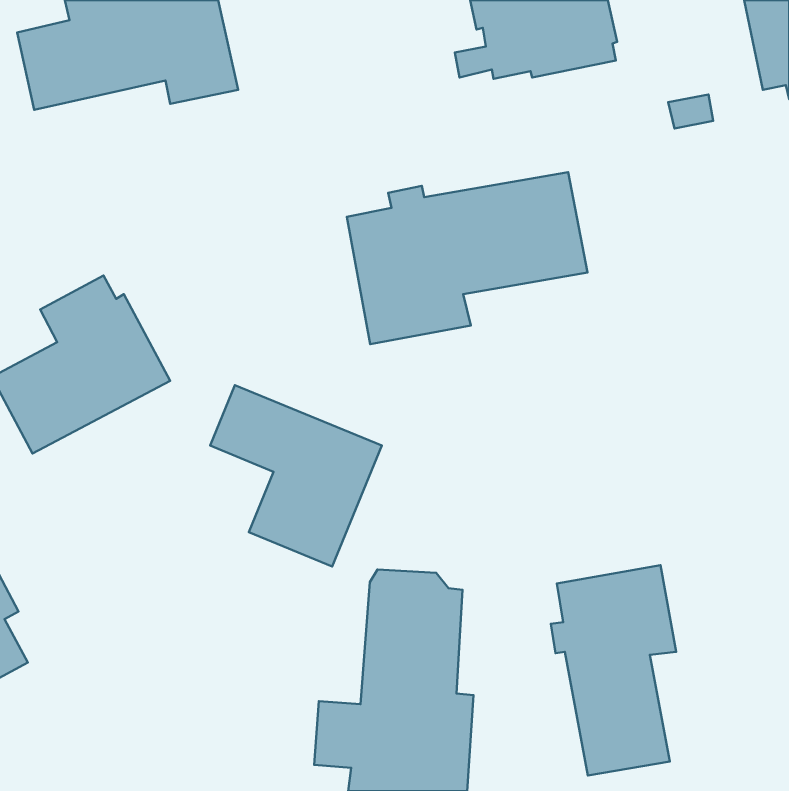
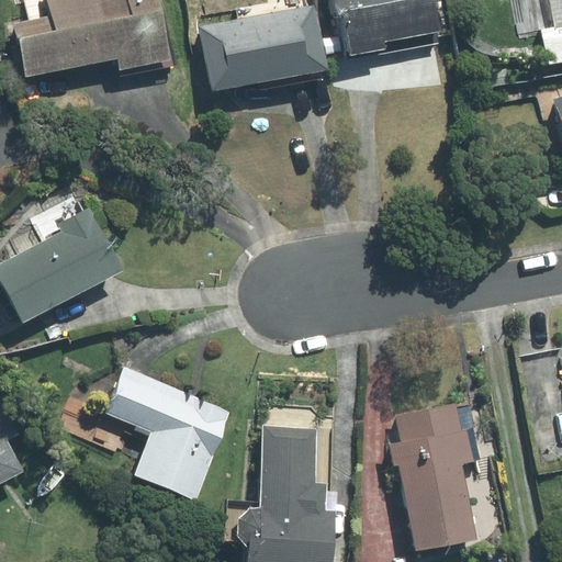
building: none -> [200,7,325,91]
building: [347,172,587,344] -> none
building: [210,385,382,566] -> [106,370,228,498]

